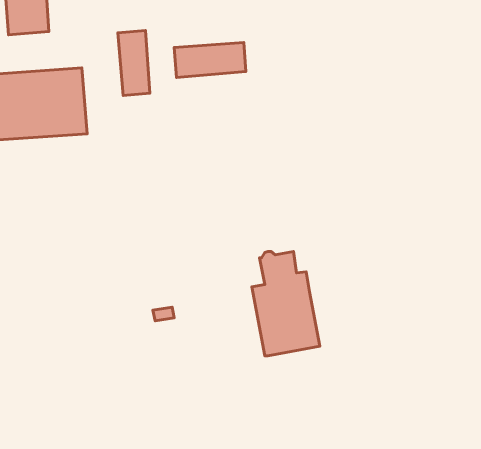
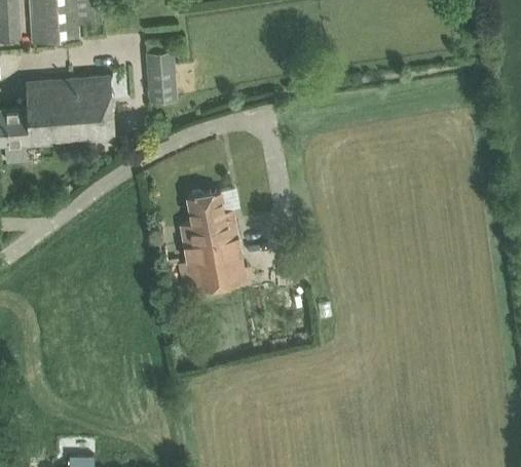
building: [174,43,246,77] -> none
building: [252,252,320,356] -> [179,190,245,290]

